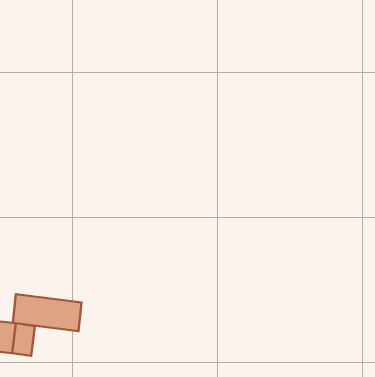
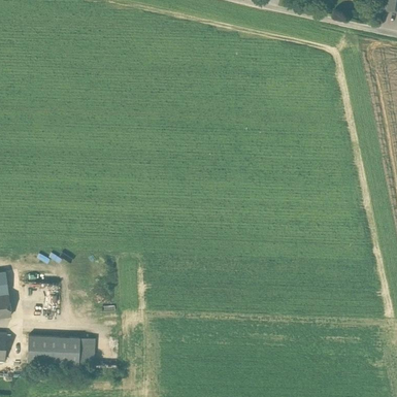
building: [13,294,81,331] -> none

